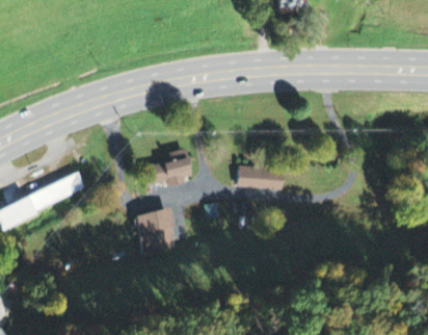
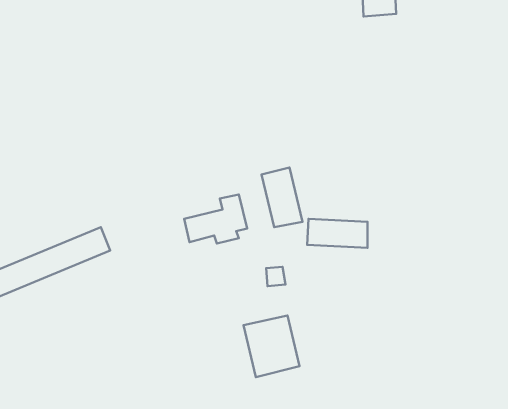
building: none -> [261,168,302,227]
building: [134,208,177,255] -> [244,315,300,377]

